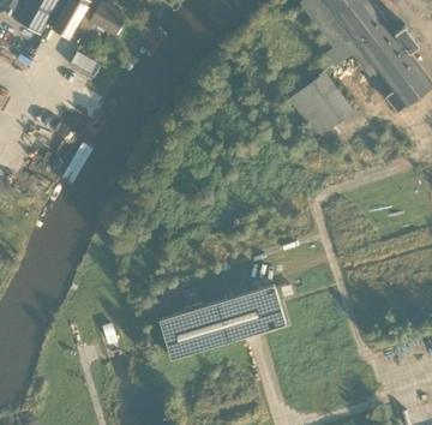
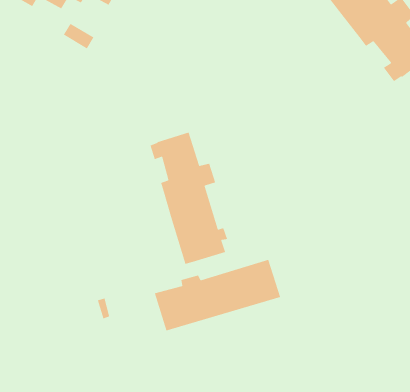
building: [289,73,353,138] -> none
building: none -> [149,132,228,265]

